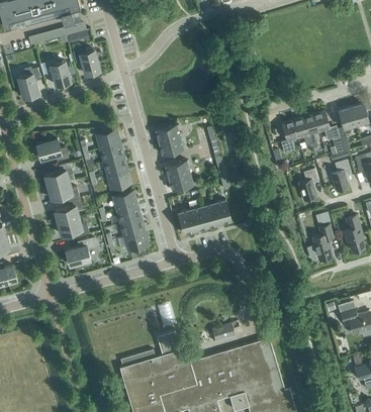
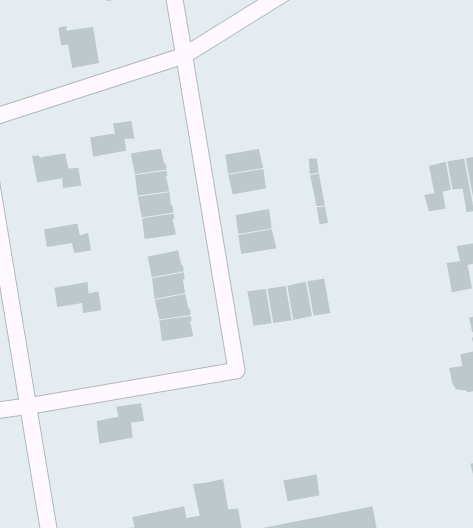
building: [73,47,101,76] -> none
building: [16,67,40,99] -> none
building: [44,163,73,188] -> [89,120,135,157]
building: [55,198,82,223] -> none
building: [66,237,96,266] -> [96,403,145,444]

